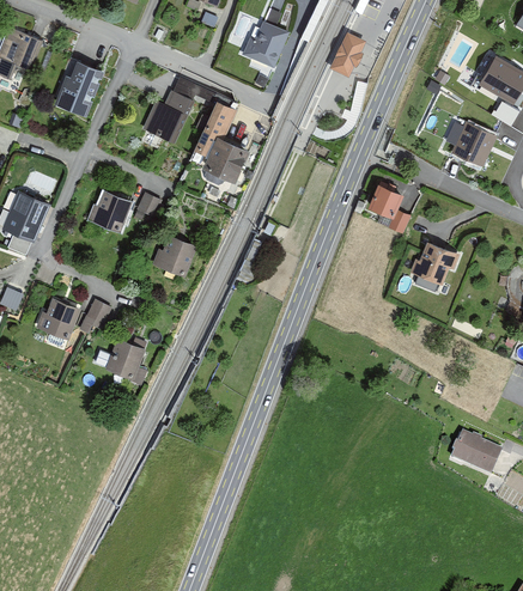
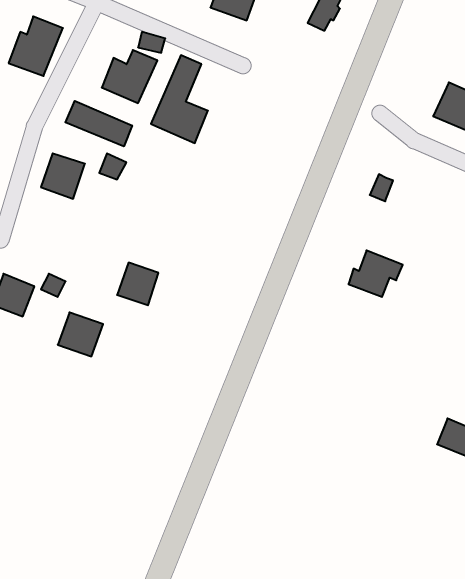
building: none -> [65,101,132,146]
building: [370,179,406,214] -> none
building: [157,237,195,276] -> [117,263,158,305]
building: [408,243,458,286] -> [348,250,403,297]

